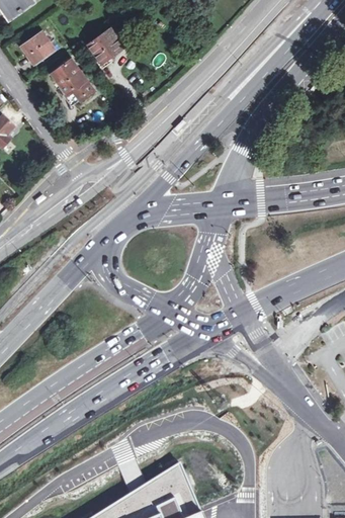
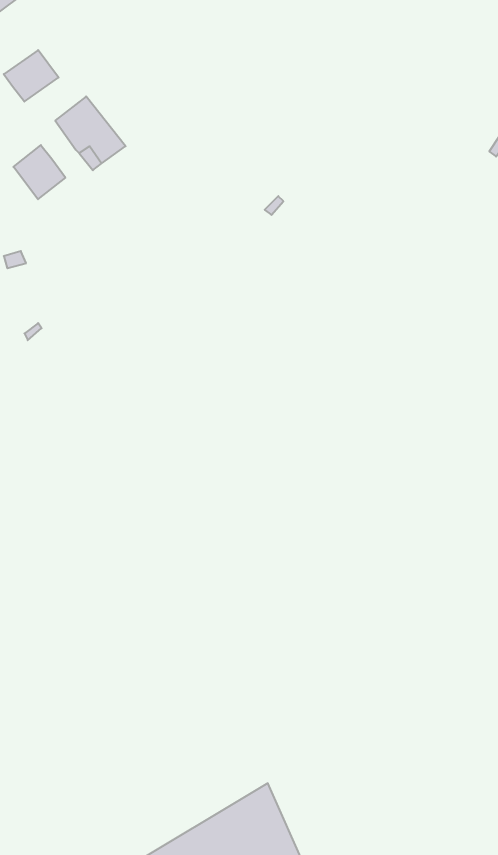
building: [88,27,123,68] -> none
building: none -> [13,145,65,199]

